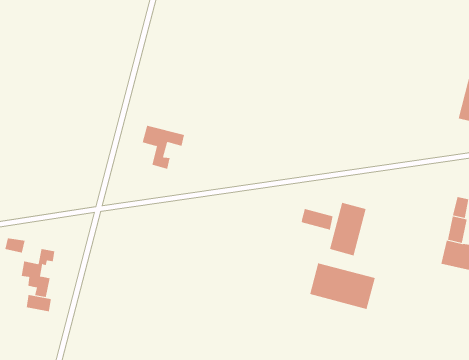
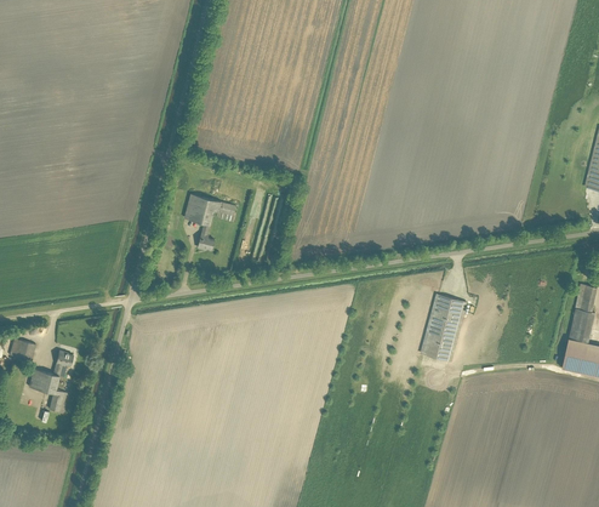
building: [301,208,333,231] -> none
building: [309,262,375,310] -> none
building: [26,294,51,312] -> none

